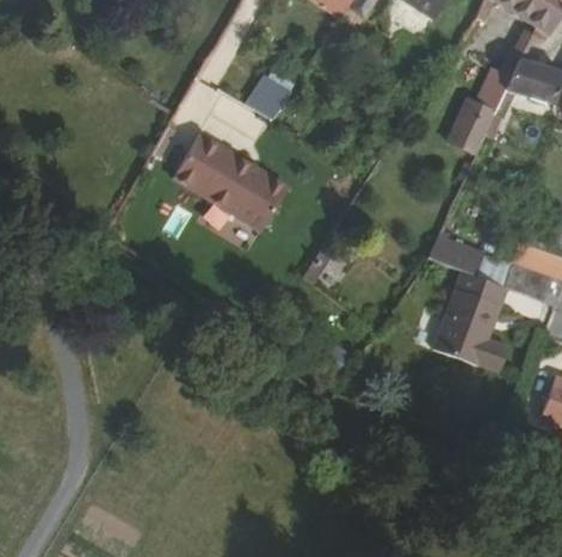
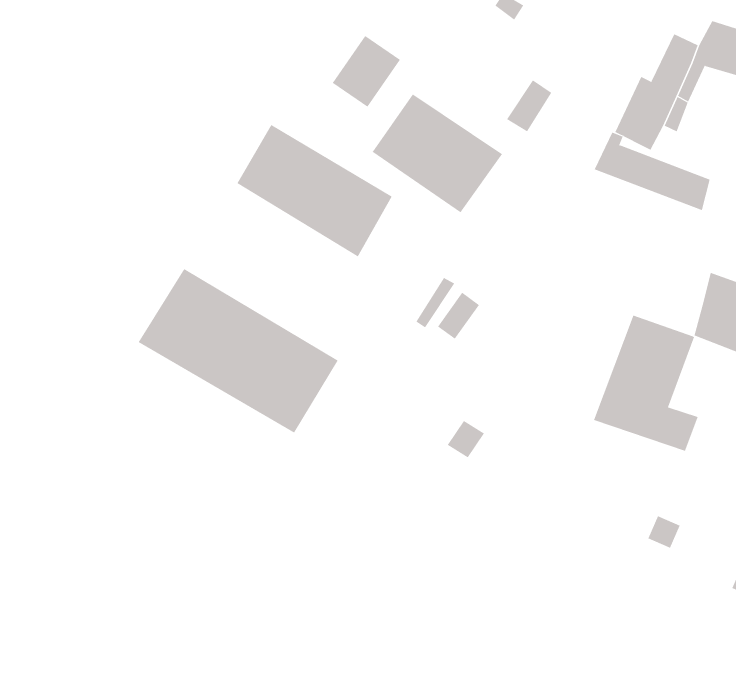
building: none -> [372,93,503,213]
building: [427,230,512,287] -> [594,132,711,211]
building: none -> [138,268,339,433]

